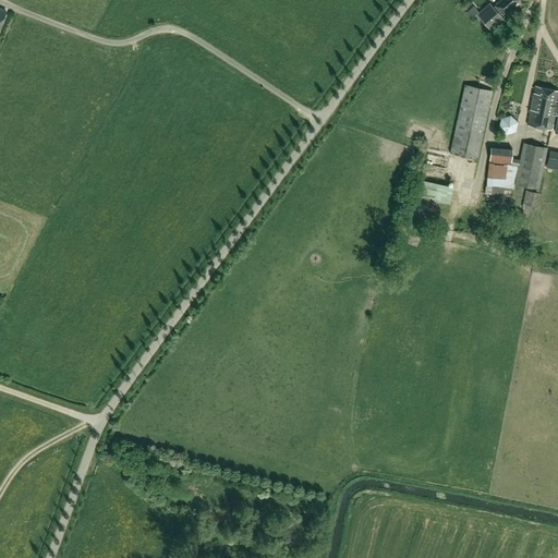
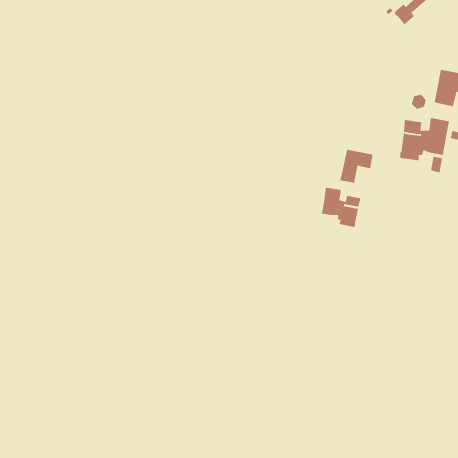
building: [450,83,493,157] -> none
building: none -> [321,187,361,228]

